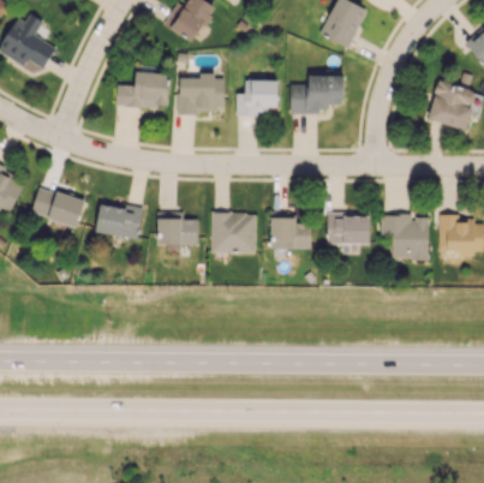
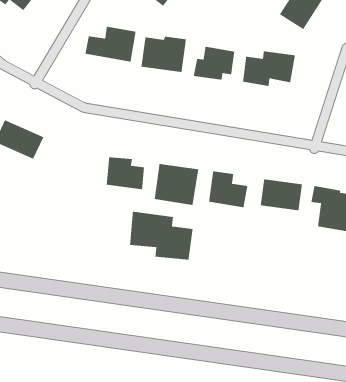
building: [95,203,142,239] -> none
building: none -> [129,211,194,260]

